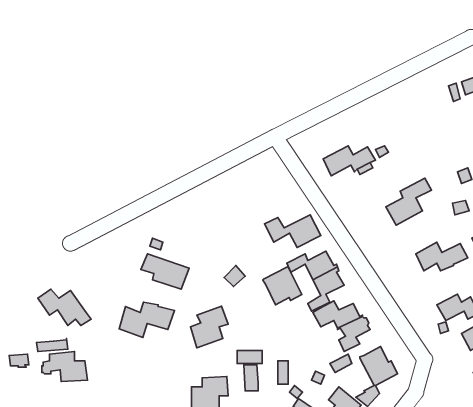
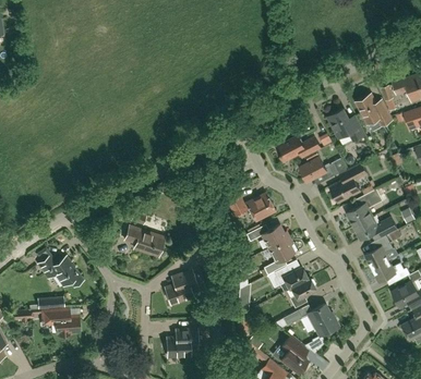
building: none -> [356,95,392,125]
building: none -> [327,109,364,142]
building: none -> [300,158,340,182]
building: none -> [347,188,383,227]
building: none -> [365,235,394,269]
building: [263,267,302,305] -> none
building: [119,302,174,337] -> none

